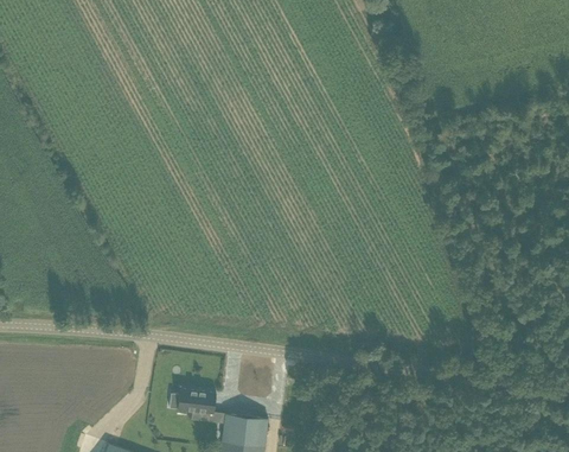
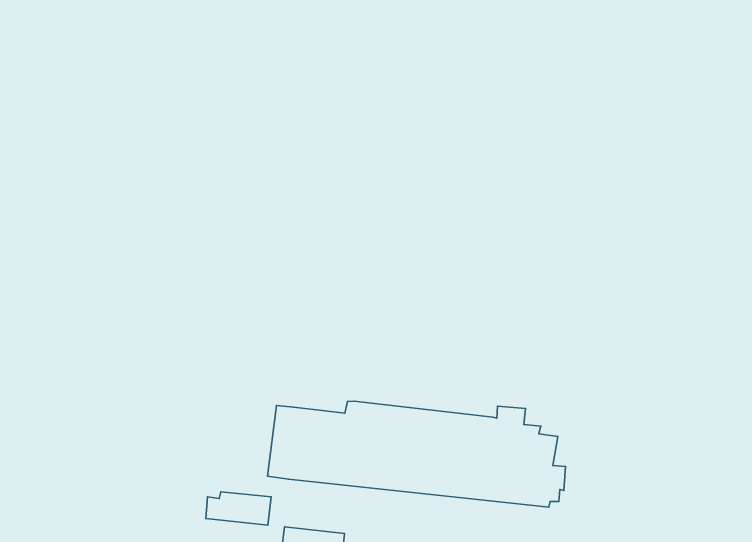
building: none -> [267,401,566,507]

